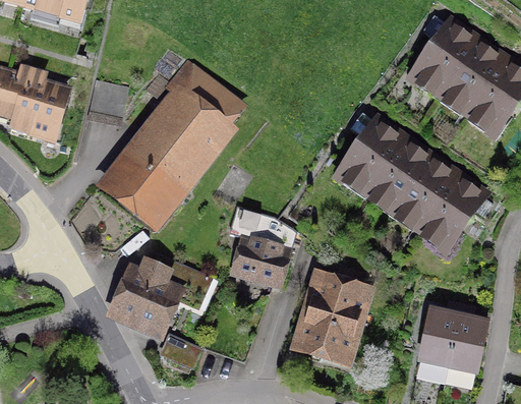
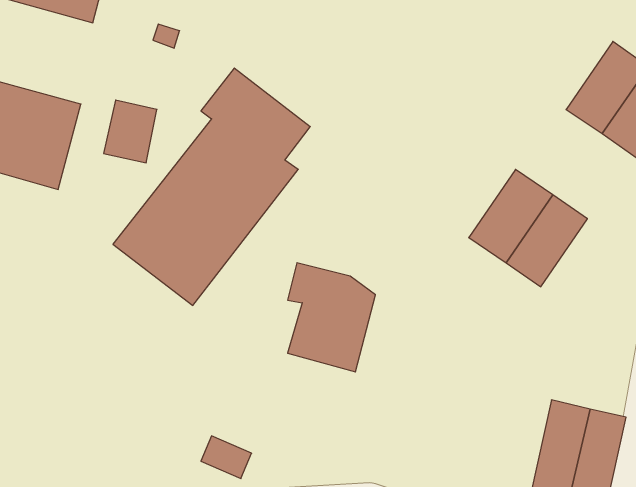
building: [413,17,476,88] -> none
building: [340,116,402,185] -> none
building: [421,171,488,244] -> none
building: [107,263,183,341] -> none
building: [285,270,373,370] -> none

